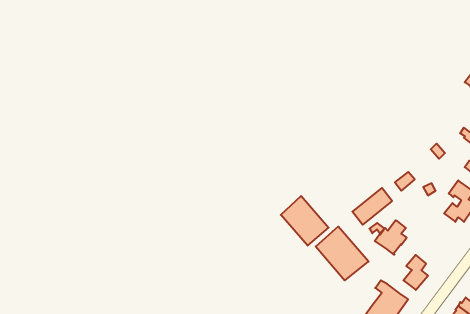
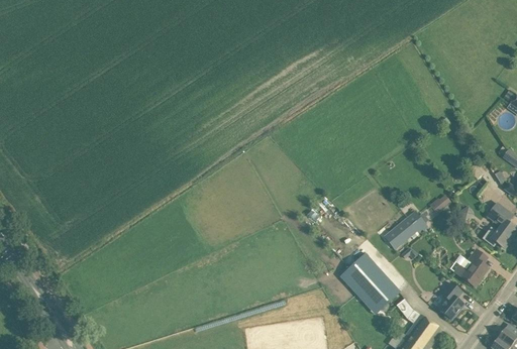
building: [281,196,329,246] -> none
building: [375,220,407,254] -> [453,250,488,286]

